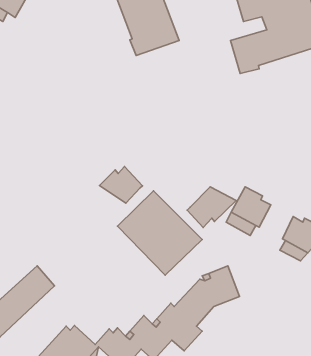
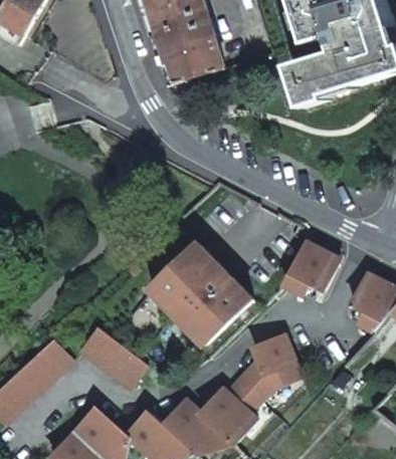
building: [99,167,142,203] -> none
building: [187,187,236,228] -> none
building: none -> [79,325,146,387]

